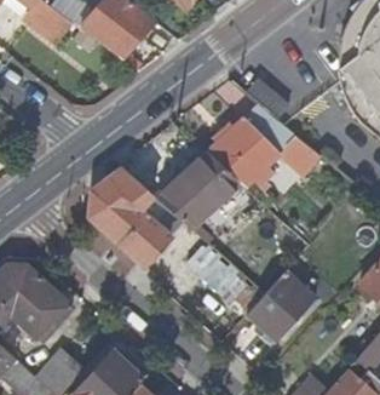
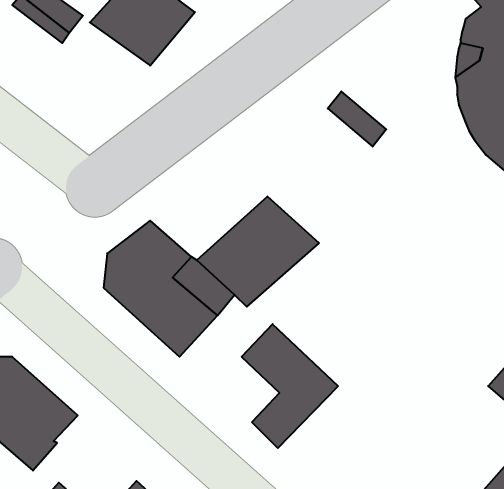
building: [206,103,309,187] -> none
building: [247,270,316,342] -> none

